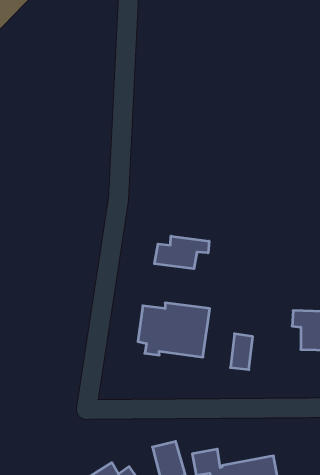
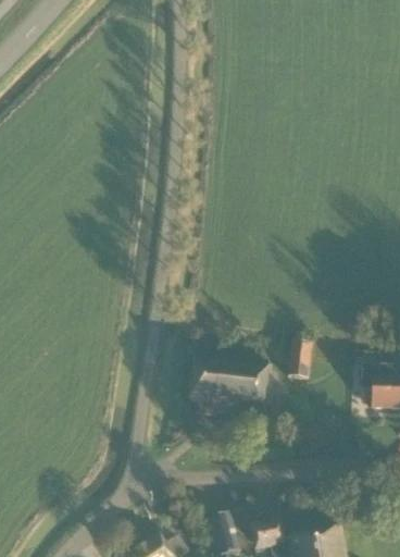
building: [154,236,209,269] -> none
building: [230,334,253,370] -> [287,336,312,376]

